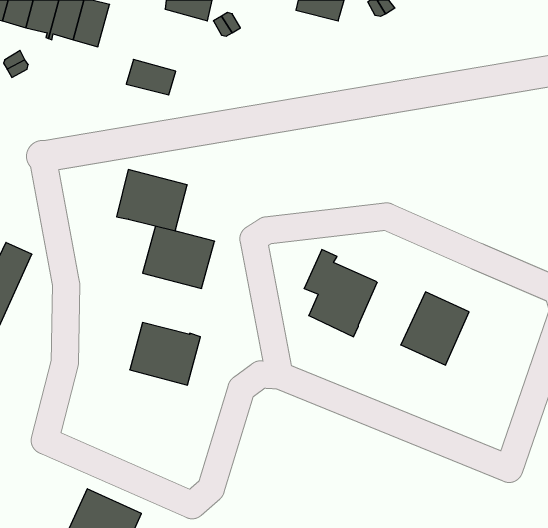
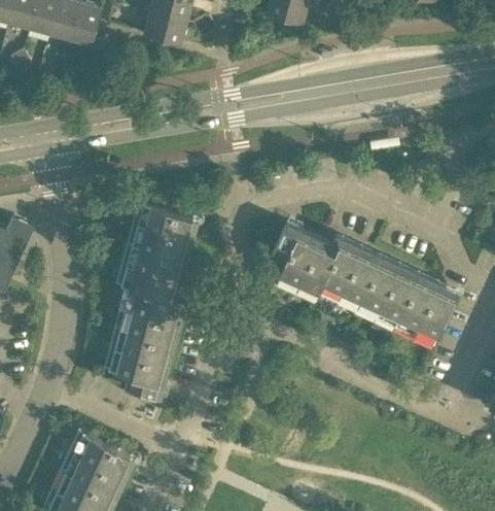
building: [126,59,176,95] -> [144,12,187,43]
building: [117,170,187,231] -> [120,243,182,297]
building: none -> [319,241,378,306]
building: none -> [395,277,455,342]
building: none -> [109,328,170,396]

